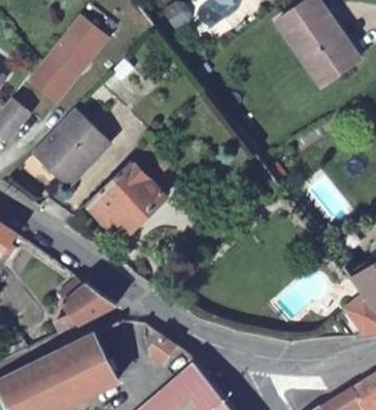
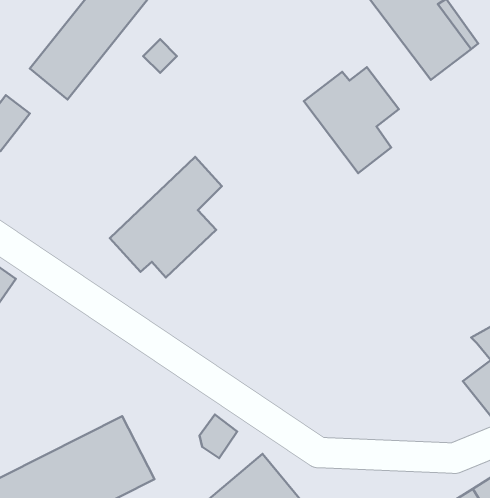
building: none -> [304,67,399,173]
building: [31,108,107,185] -> none
building: [55,279,117,333] -> none

